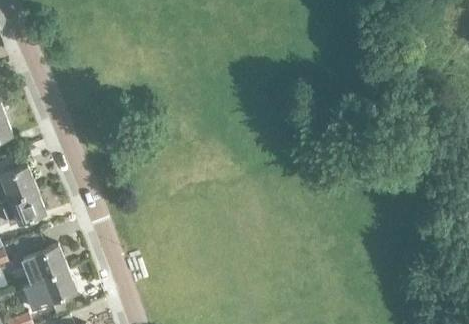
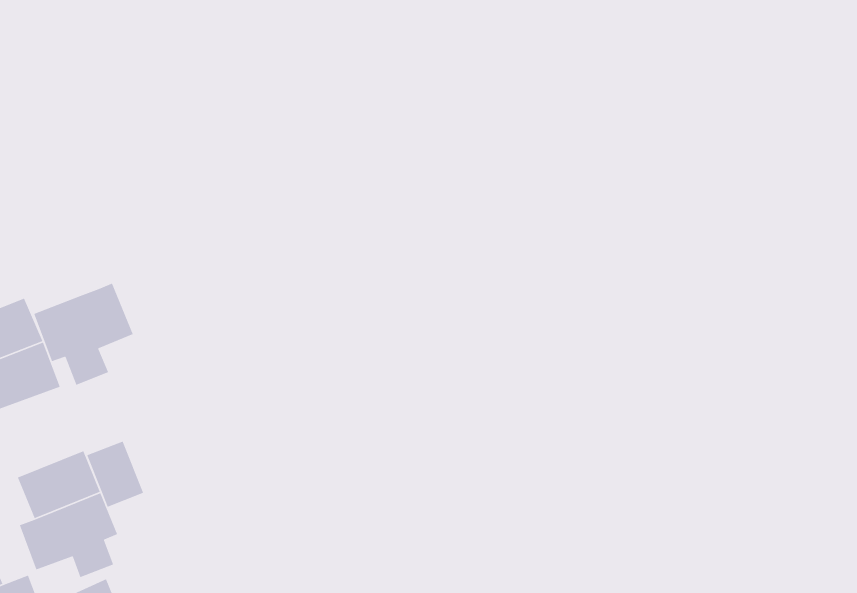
building: none -> [33,282,134,386]
building: none -> [86,440,144,508]

